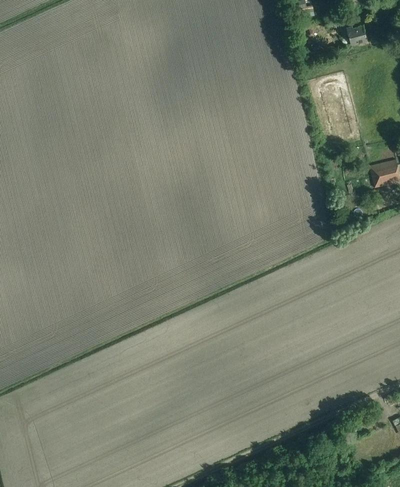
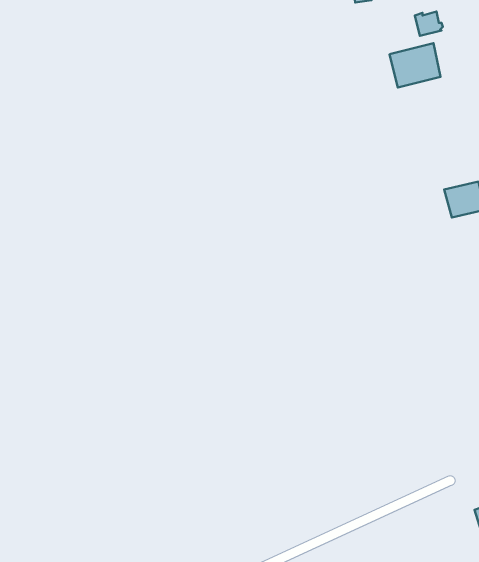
building: none -> [390,43,440,87]

